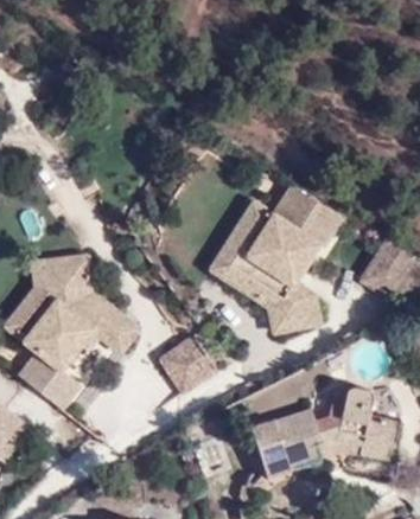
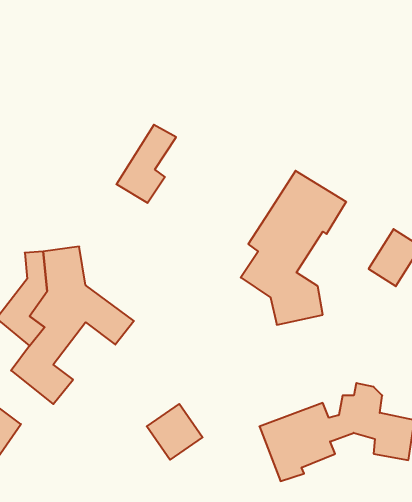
building: [209,212,266,287] -> [116,125,176,203]
building: [159,338,212,391] -> [147,404,203,460]

